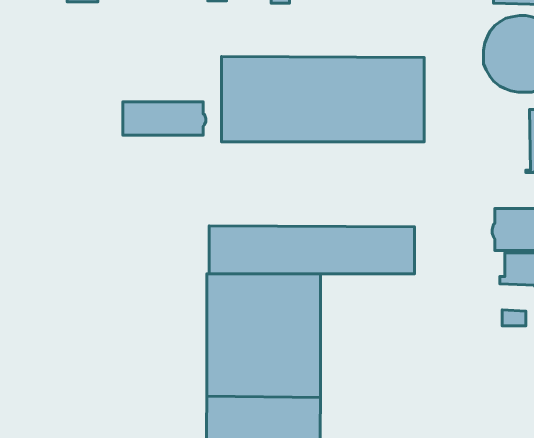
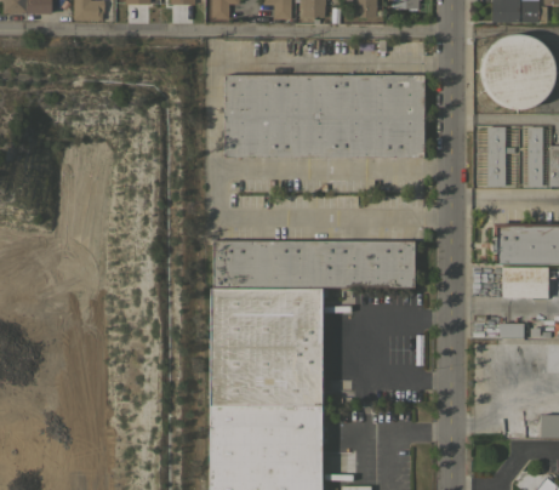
building: [123,102,206,135] -> none
building: none -> [478,126,509,187]

